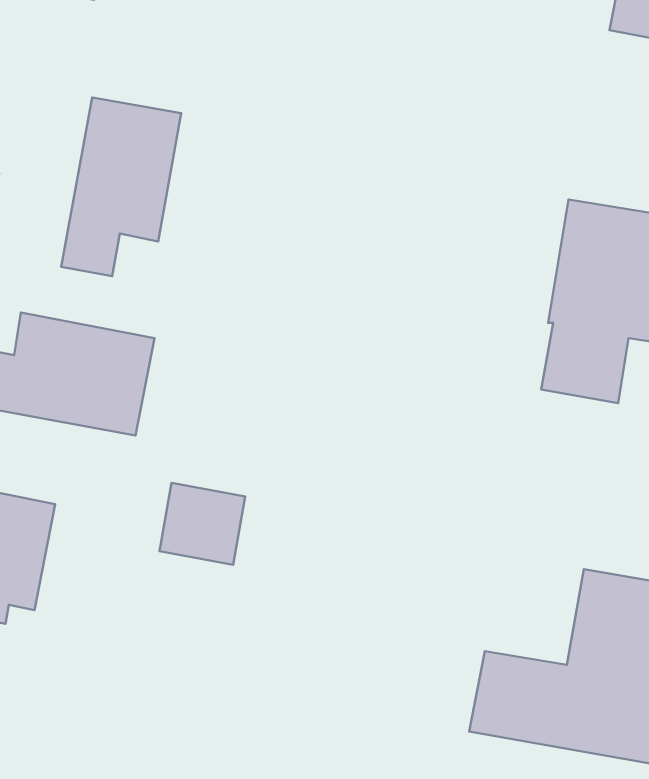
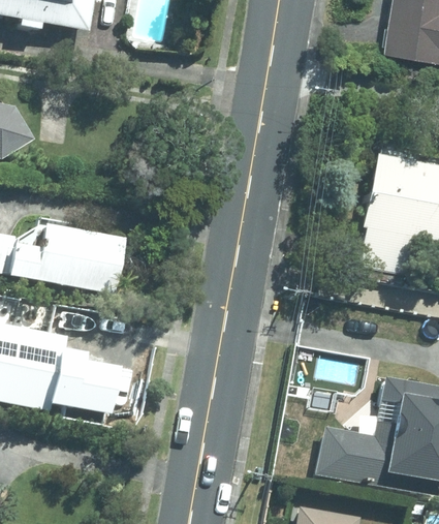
building: [61,98,181,276] -> none
building: [160,483,245,565] -> [59,375,111,425]

